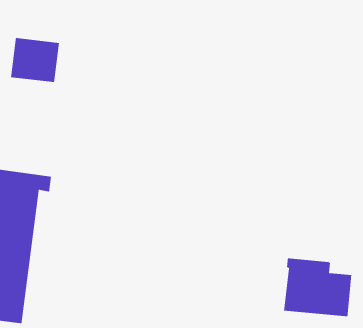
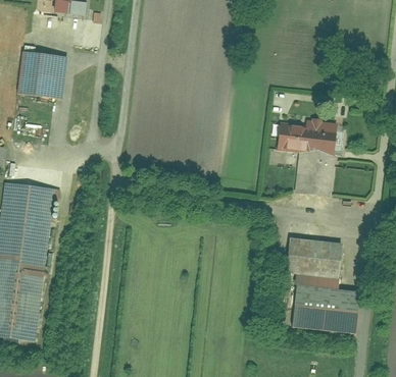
building: none -> [279,119,339,195]
building: none -> [287,236,343,277]

